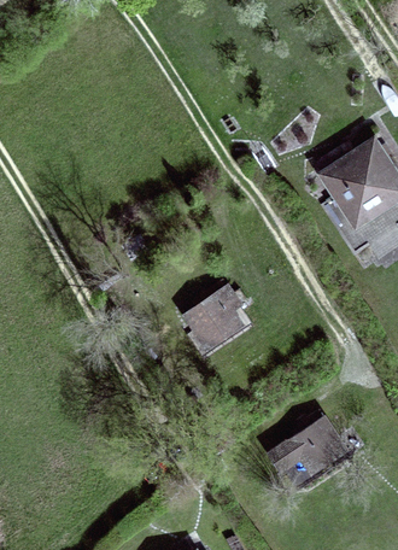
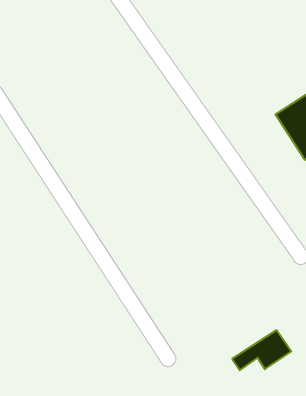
building: [188,280,236,339] -> none

